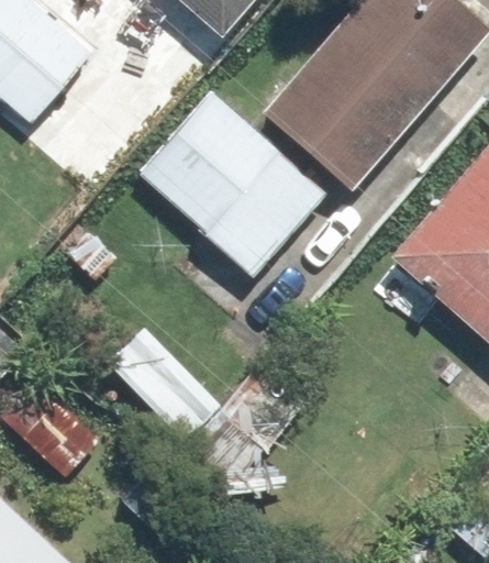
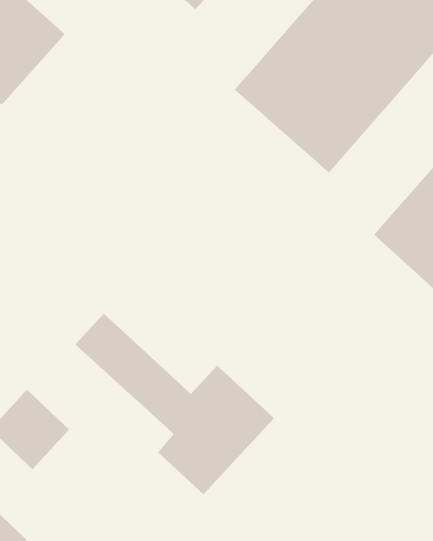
building: [138,90,326,274] -> none

